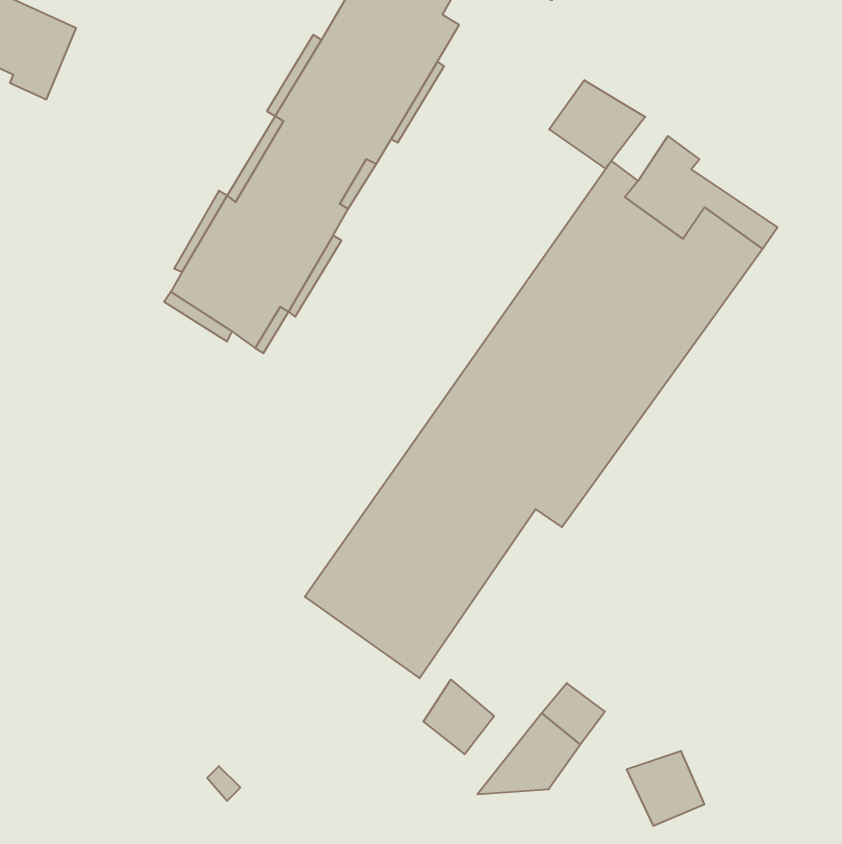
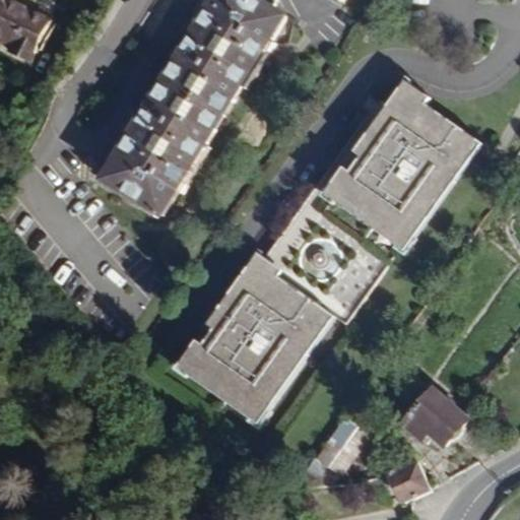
building: [549,80,645,169] -> none
building: none -> [401,388,468,448]
building: [423,680,494,754] -> none

